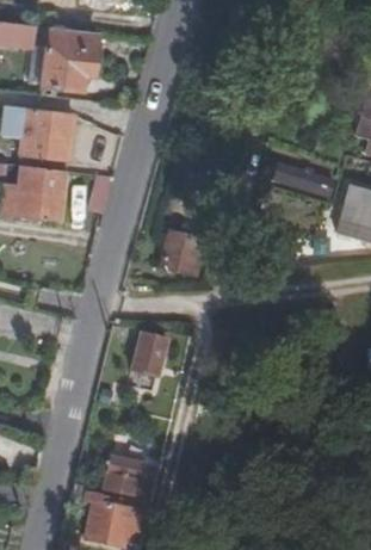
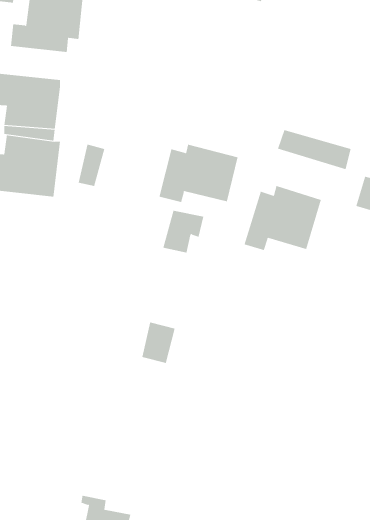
building: none -> [159,144,238,203]
building: none -> [244,185,321,251]
building: [104,455,154,496] -> none

